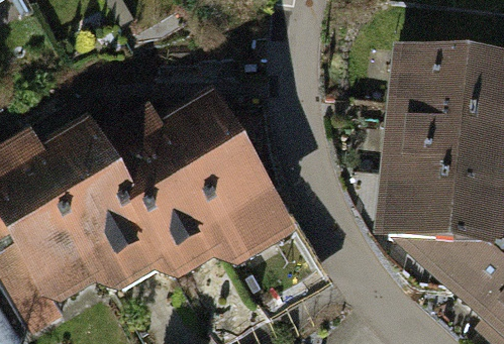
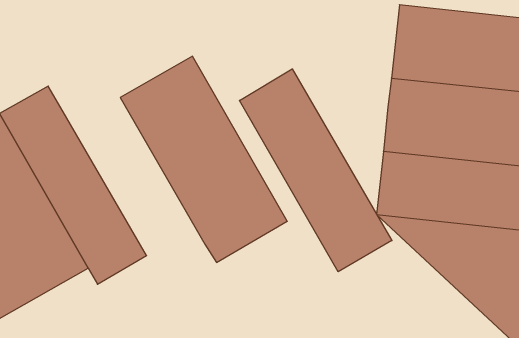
building: none -> [239,69,392,272]
building: [97,106,224,276] -> none

